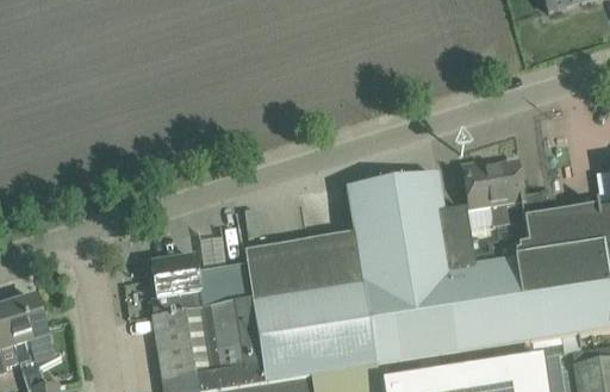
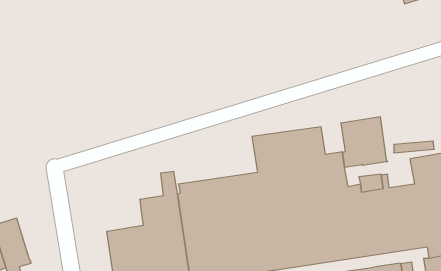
building: [523,214,561,255] -> none
building: [151,256,201,313] -> none

